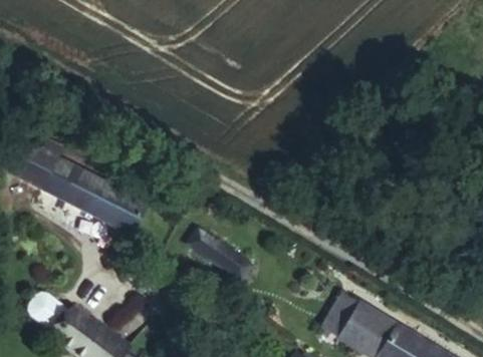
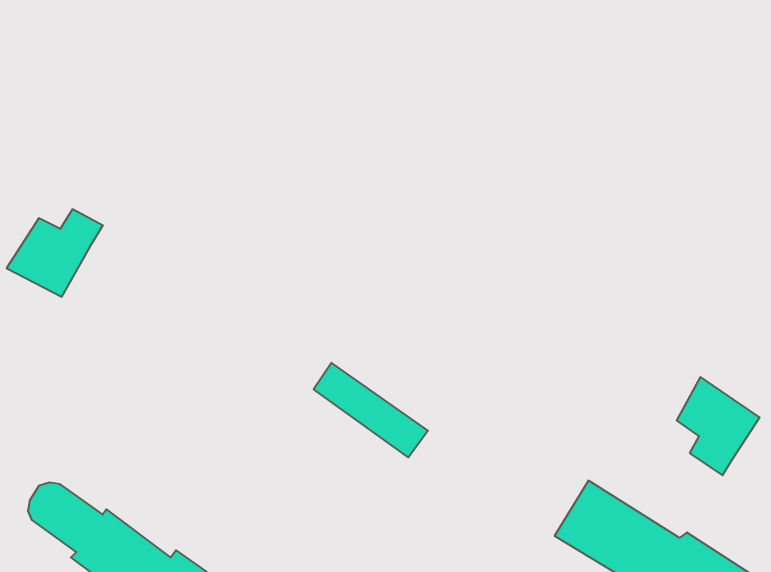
building: [48,160,150,236] -> none
building: none -> [677,377,760,475]

